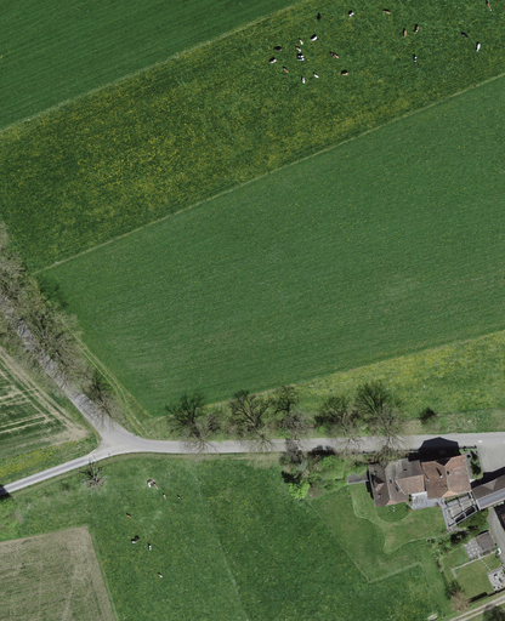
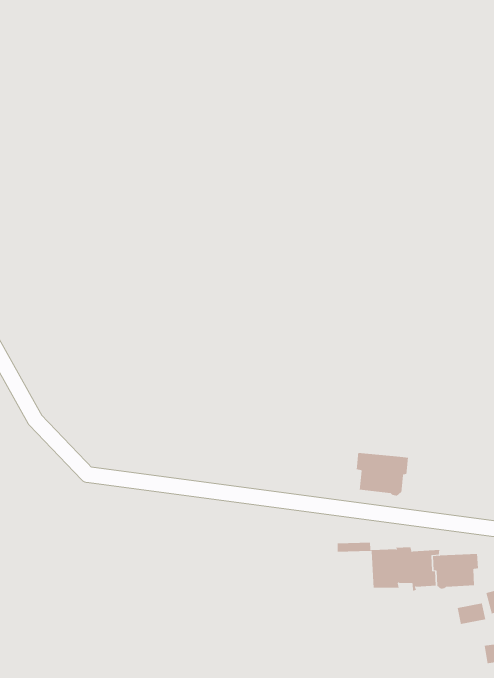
building: none -> [356,452,409,497]

